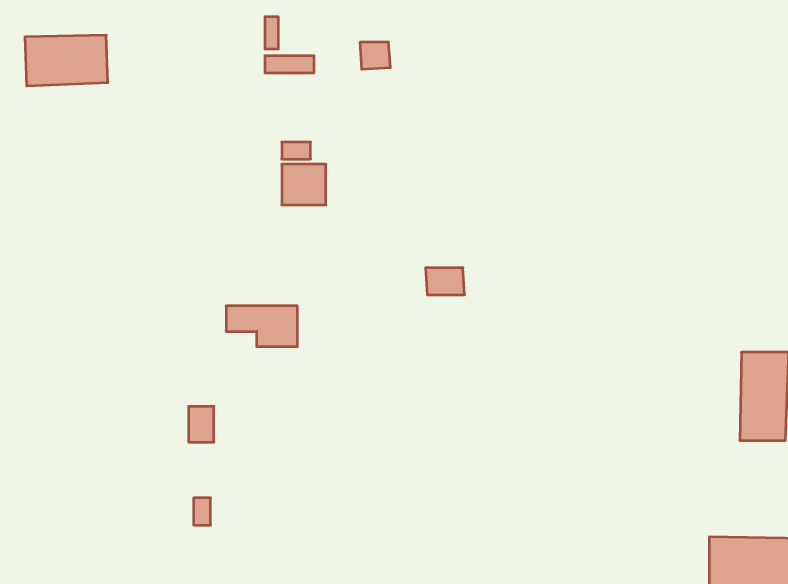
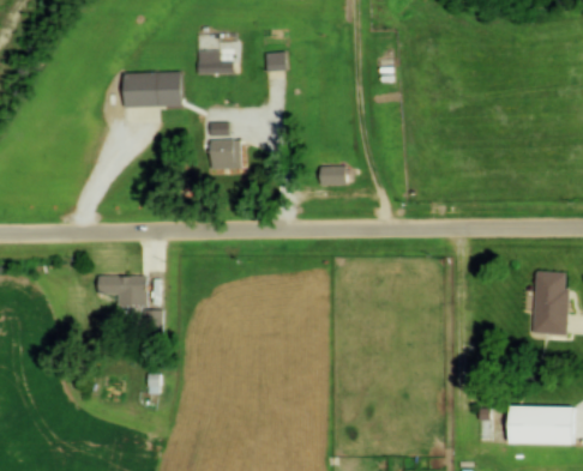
building: [25,35,108,86] -> [124,70,182,105]
building: [426,268,465,295] -> [318,167,345,186]
building: [226,306,297,347] -> [96,278,146,307]

